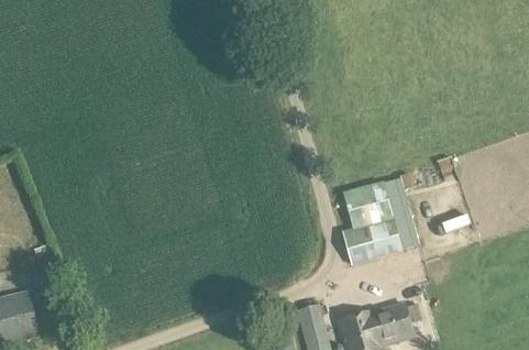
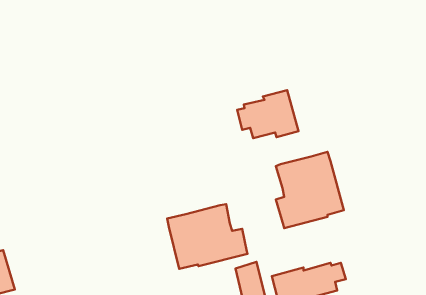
building: none -> [237,90,298,138]
building: none -> [167,204,247,269]

